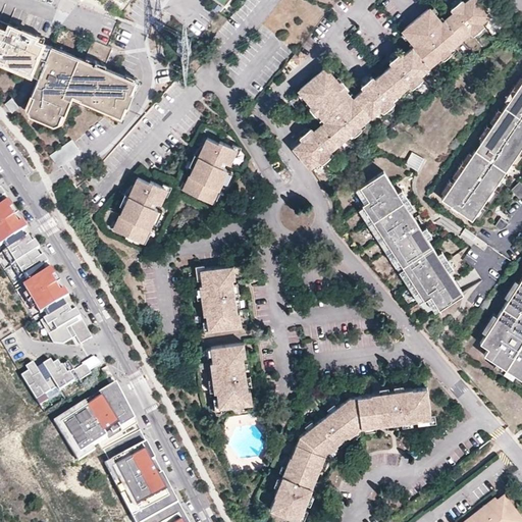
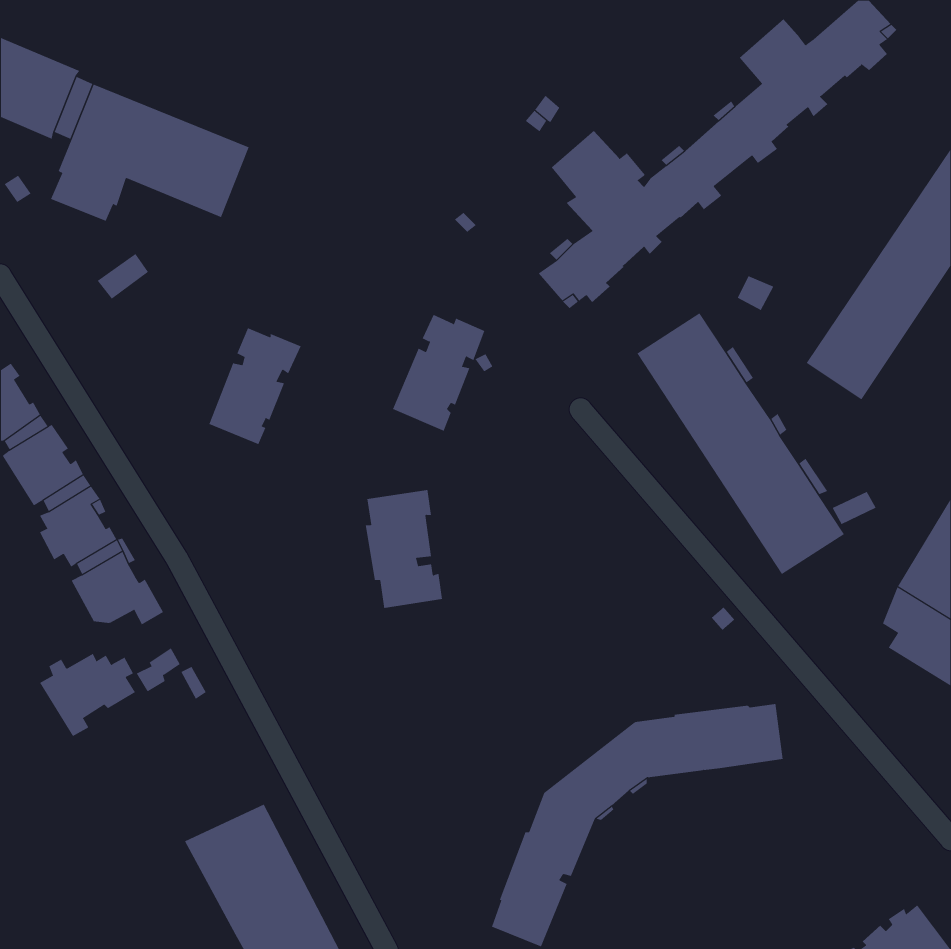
building: [182,142,233,206] -> [392,314,485,431]
building: [210,347,253,412] -> none
building: [52,382,136,460] -> none

